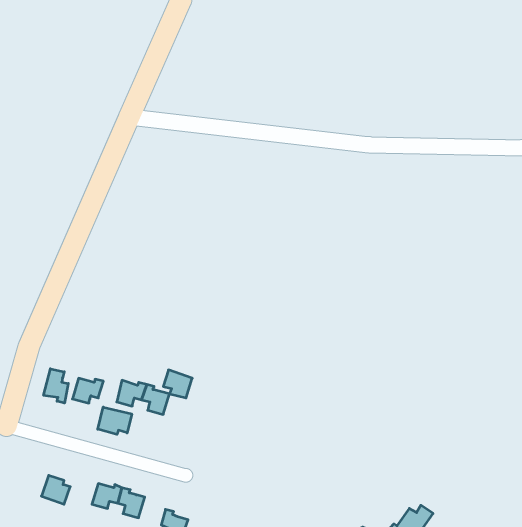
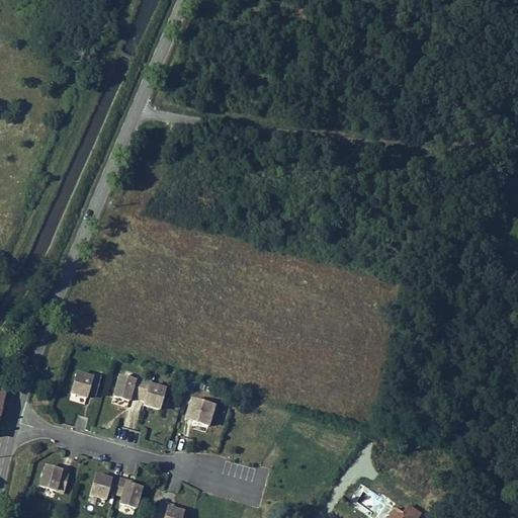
building: [44,369,68,403] -> none
building: [163,370,192,398] -> [188,397,217,424]
building: [98,407,132,434] -> none

